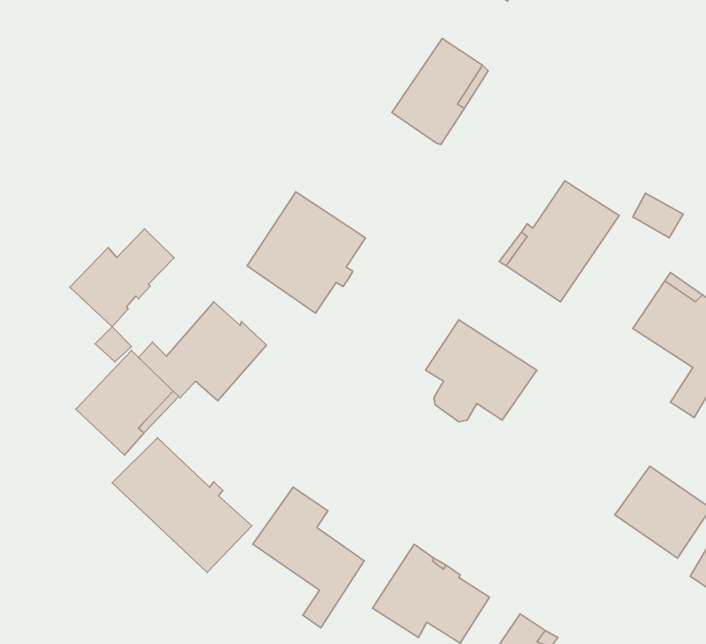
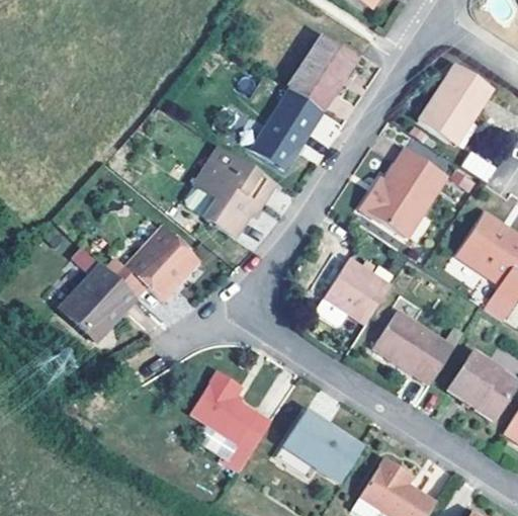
building: none -> [424,62,497,140]
building: none -> [250,94,320,174]
building: [70,229,174,327] -> none
building: none -> [372,309,453,381]
building: [112,438,252,572] -> none

